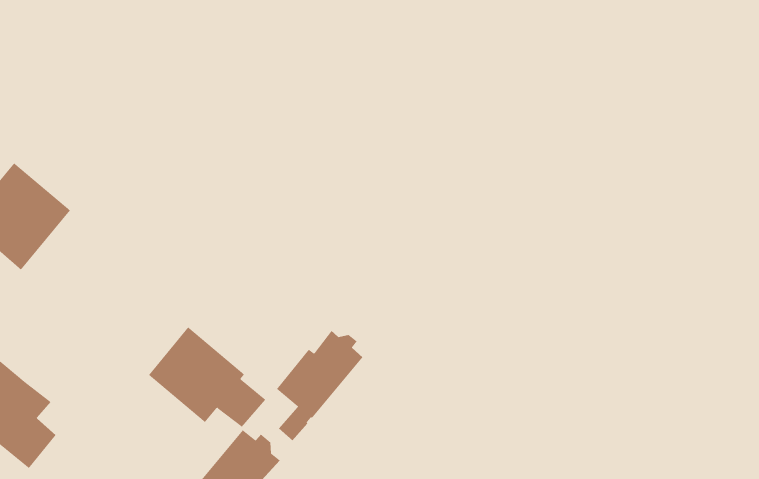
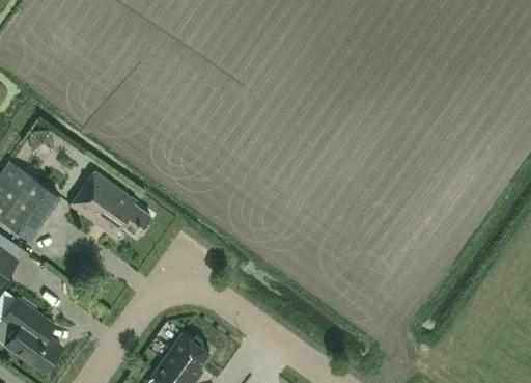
building: [148,327,266,427] -> [71,171,150,236]
building: [276,330,363,441] -> none

